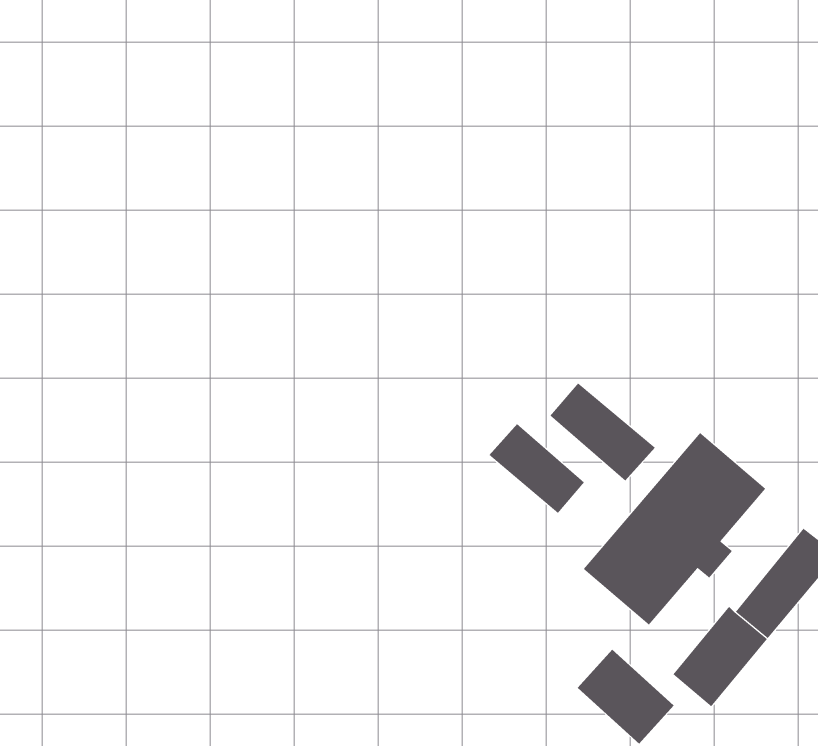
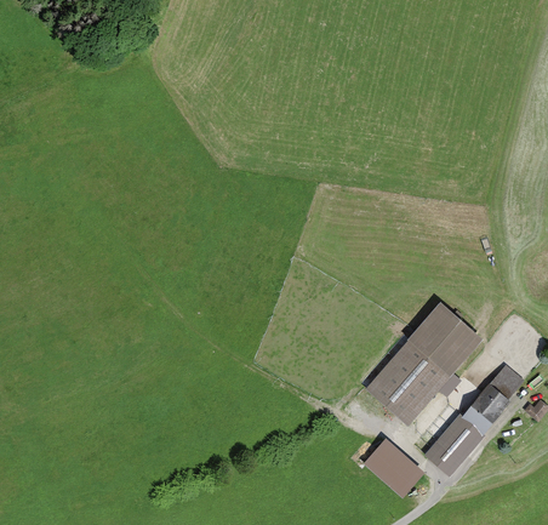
building: [550,382,656,482] -> none
building: [488,423,585,514] -> none

